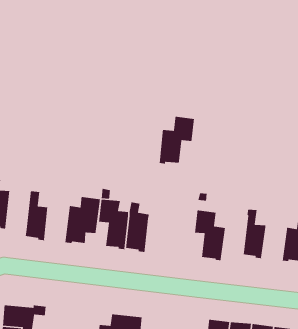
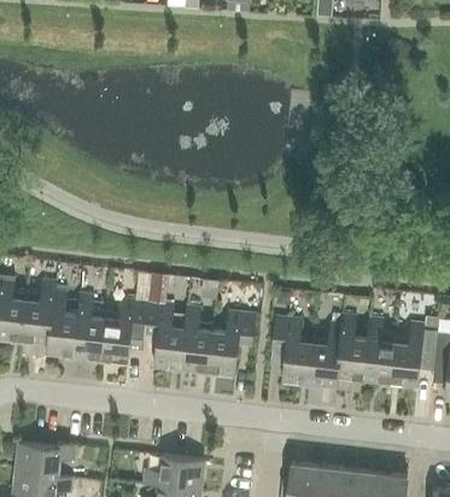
building: [159,116,195,164] -> [205,310,253,375]
building: none -> [19,280,54,344]
building: none -> [71,293,104,361]
building: none -> [361,317,393,385]
building: none -> [306,322,341,386]

